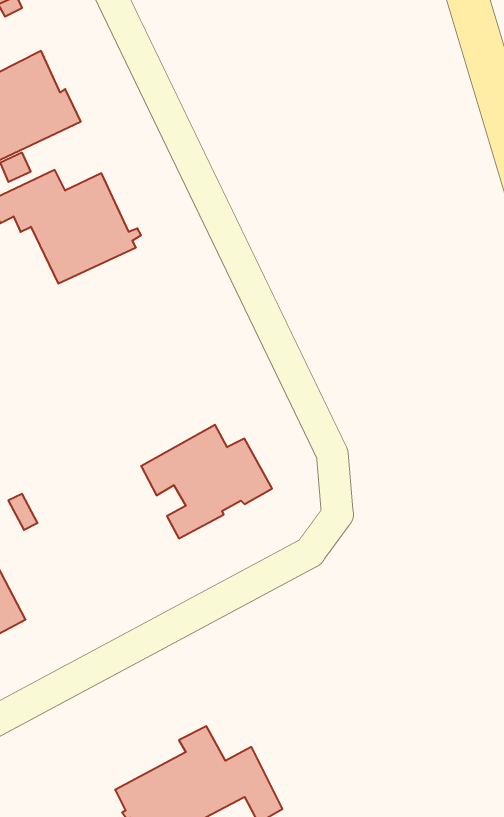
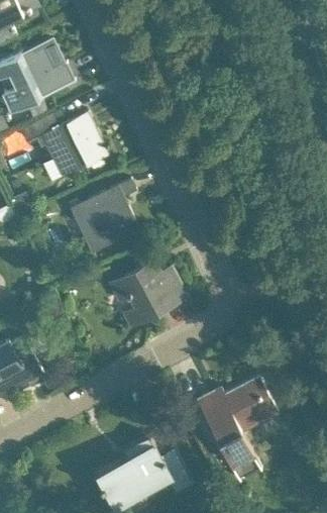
building: none -> [71,180,138,252]
building: none -> [197,377,278,482]

